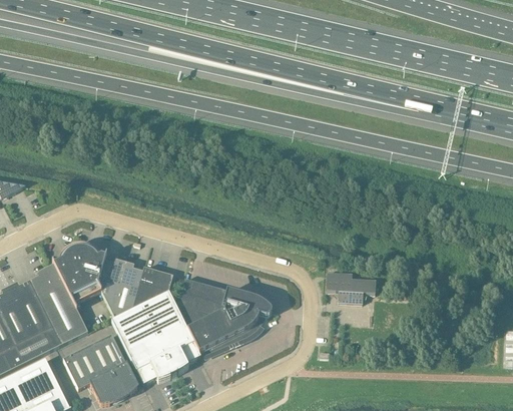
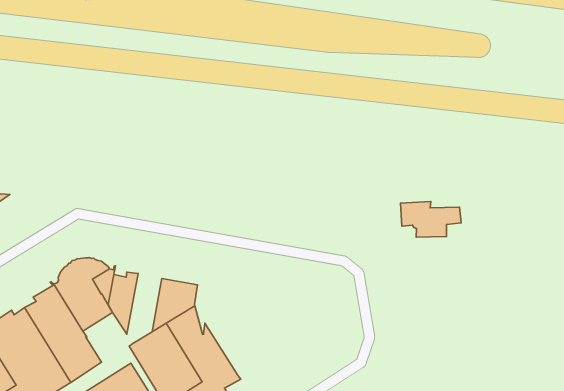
building: [111,261,143,318] -> none
building: [327,272,376,303] -> [401,202,461,237]
building: [176,278,272,355] -> none

